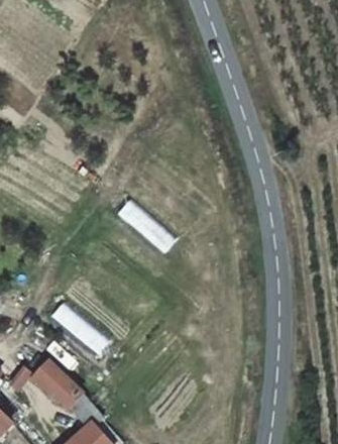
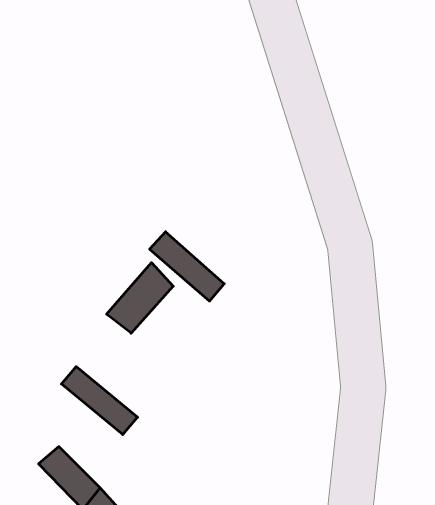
building: none -> [107,263,173,333]

